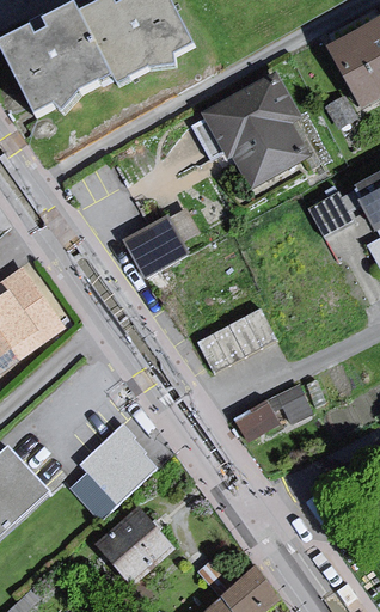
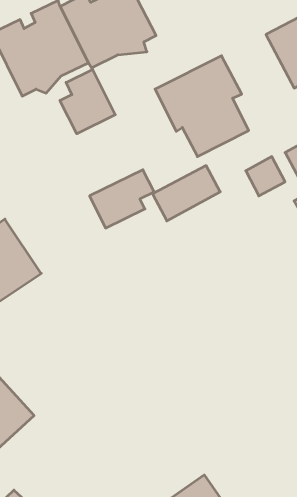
building: none -> [60,69,115,134]
building: [195,304,275,369] -> [153,166,220,221]
building: [228,381,308,446] -> none
building: [65,424,157,521] -> none
building: [94,507,174,587] -> none

